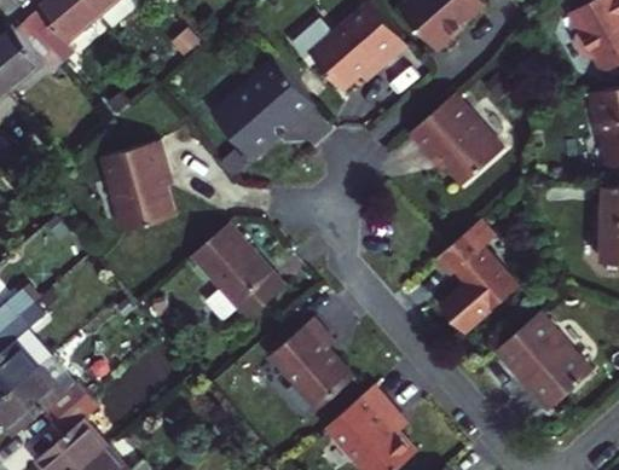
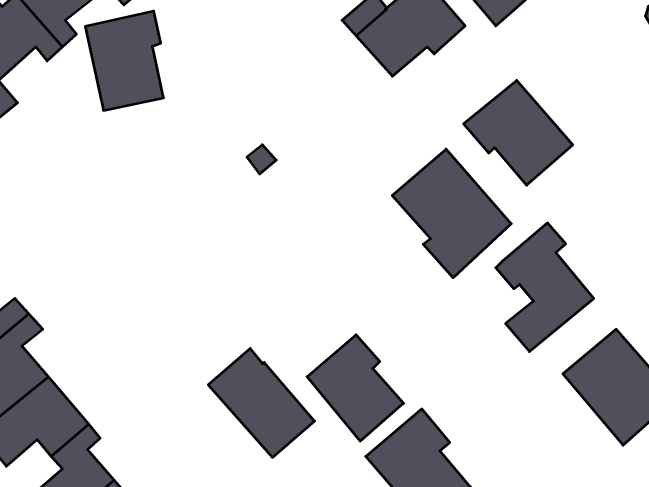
building: [210,58,316,159] -> none
building: [109,145,177,231] -> [85,11,164,110]
building: none -> [392,149,511,278]
building: [192,220,284,314] -> [208,348,315,457]

